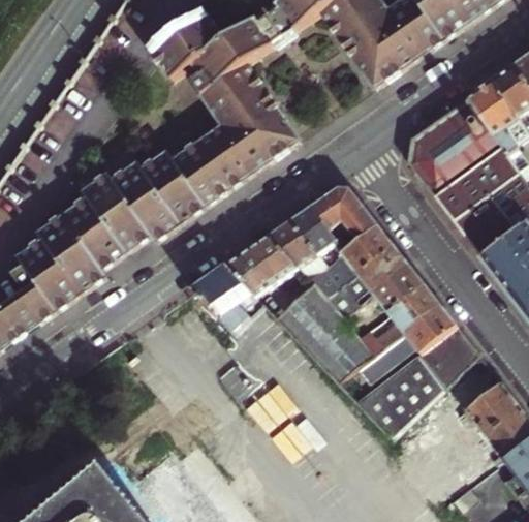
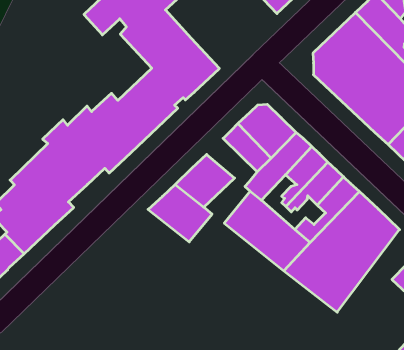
building: [271,218,325,273] -> none

